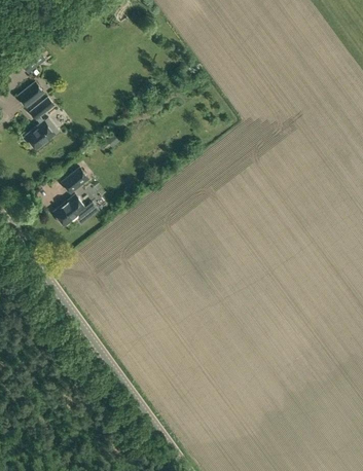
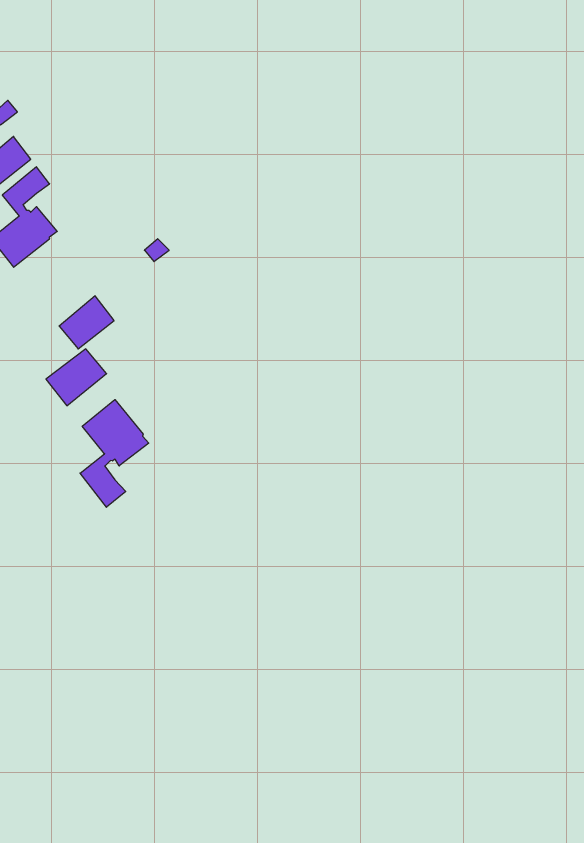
building: none -> [80,400,149,507]

